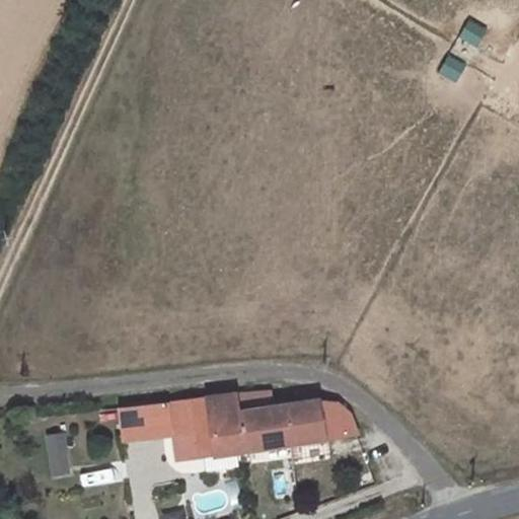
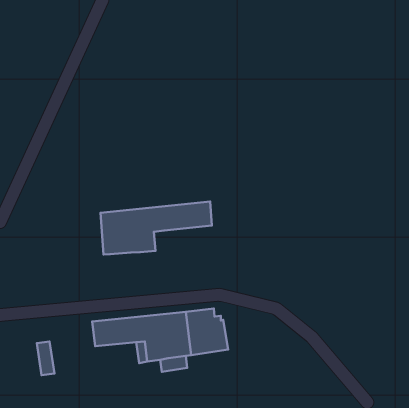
building: none -> [101,201,212,254]
building: [283,401,356,444] -> none

